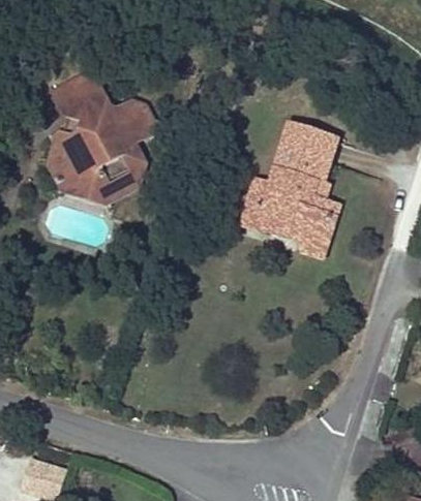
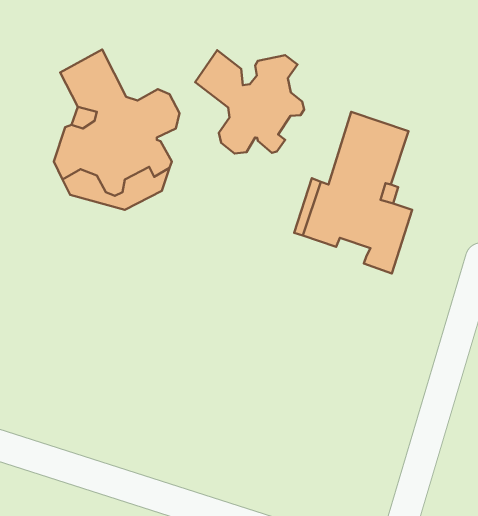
building: none -> [195,50,304,154]

